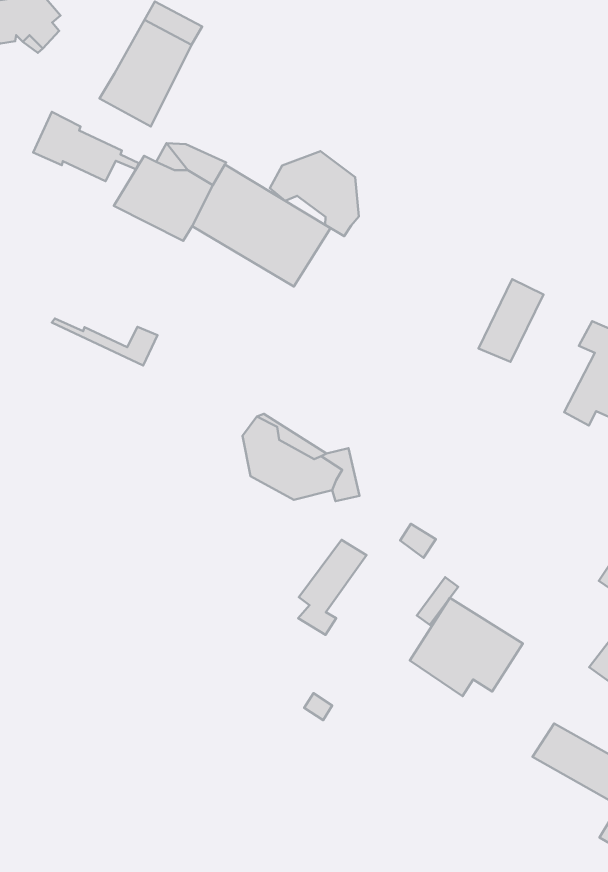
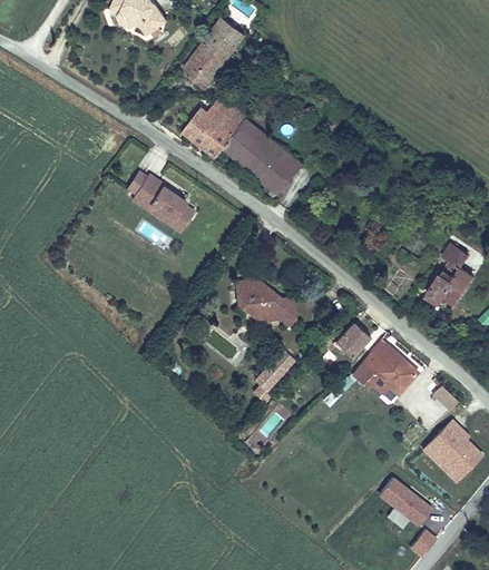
building: [33,112,139,181] -> [134,171,195,217]
building: [270,151,359,236] -> none
building: [479,279,543,362] -> none
building: none -> [331,320,370,356]
building: [410,598,523,696] -> [352,338,420,397]

